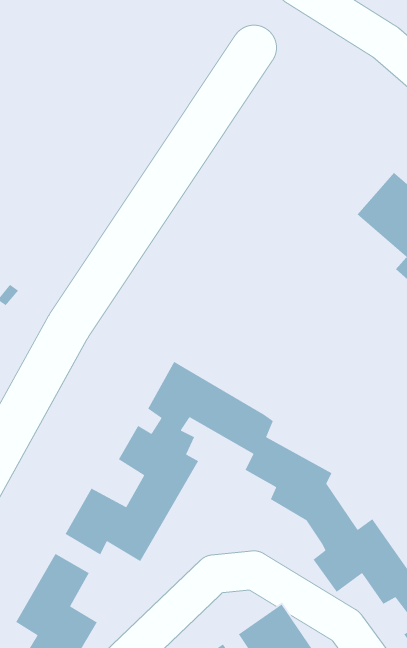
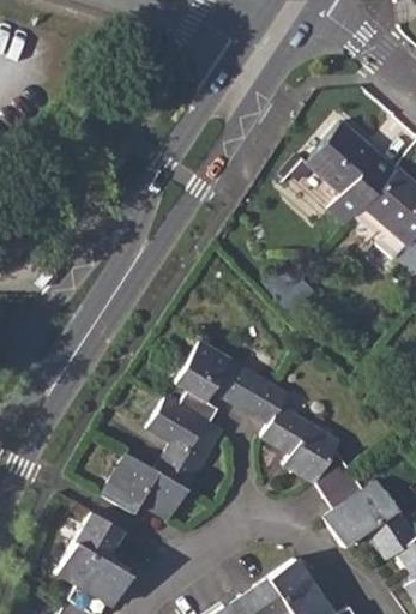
building: none -> [307,122,397,227]

